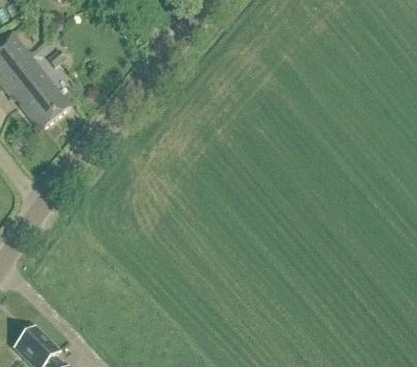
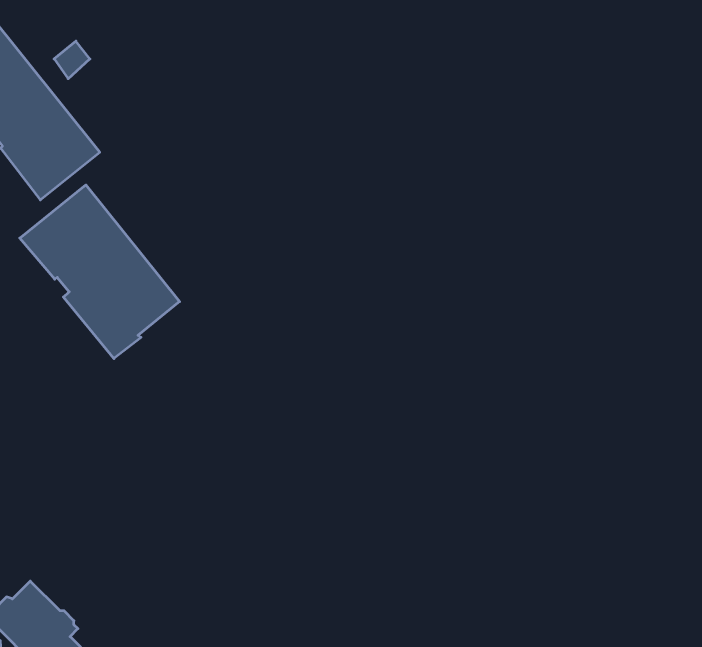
building: none -> [20,185,180,359]

